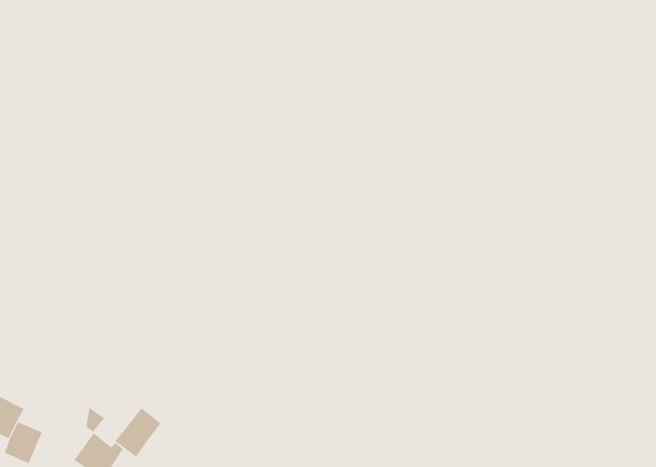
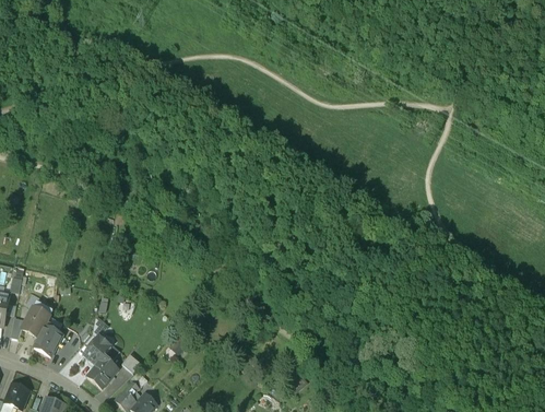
building: [114,408,161,458] -> none

